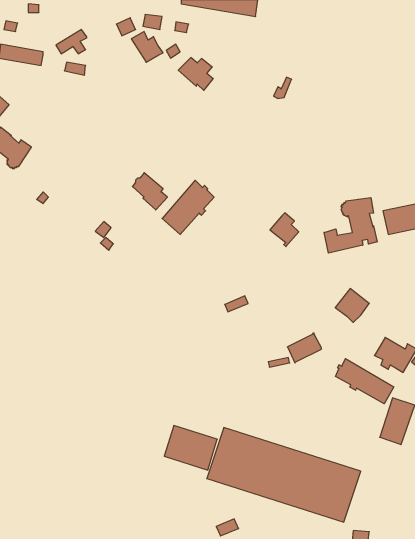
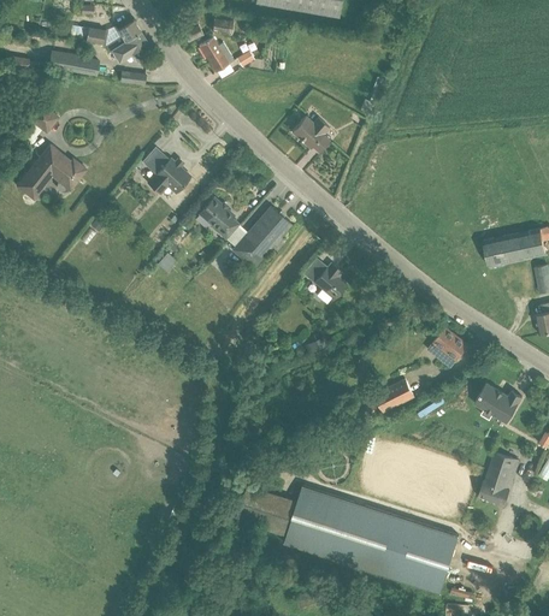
building: none -> [85,19,141,52]
building: [178,58,213,90] -> [290,117,330,154]
building: none -> [141,146,190,196]
building: [324,198,377,253] -> none
building: [270,213,299,247] -> [313,262,346,301]
building: [335,359,394,404] -> none

